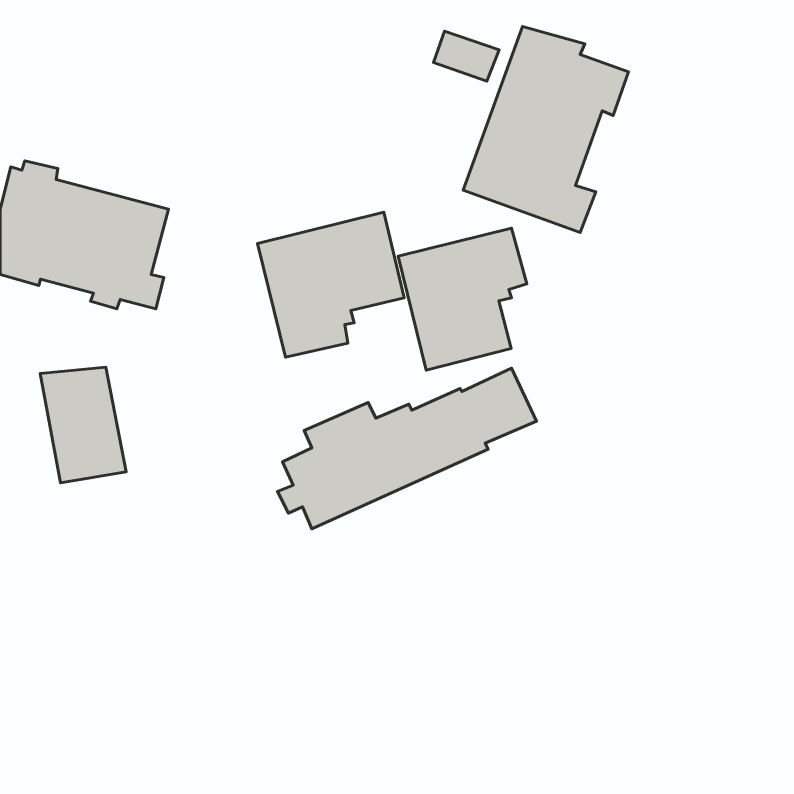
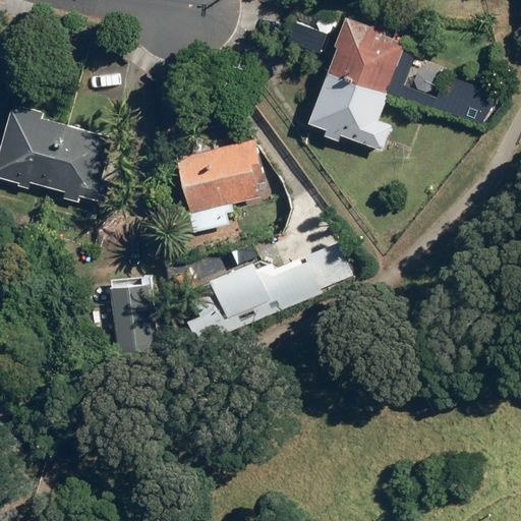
building: [398,228,527,370] -> none
building: [40,367,126,483] -> [106,282,162,357]

